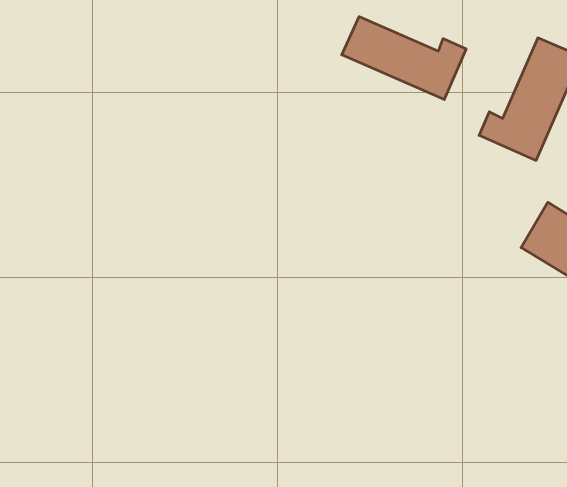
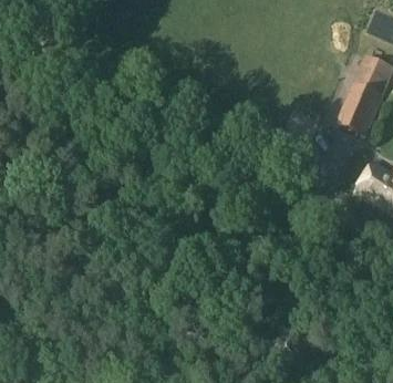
building: [342,17,466,100] -> none

